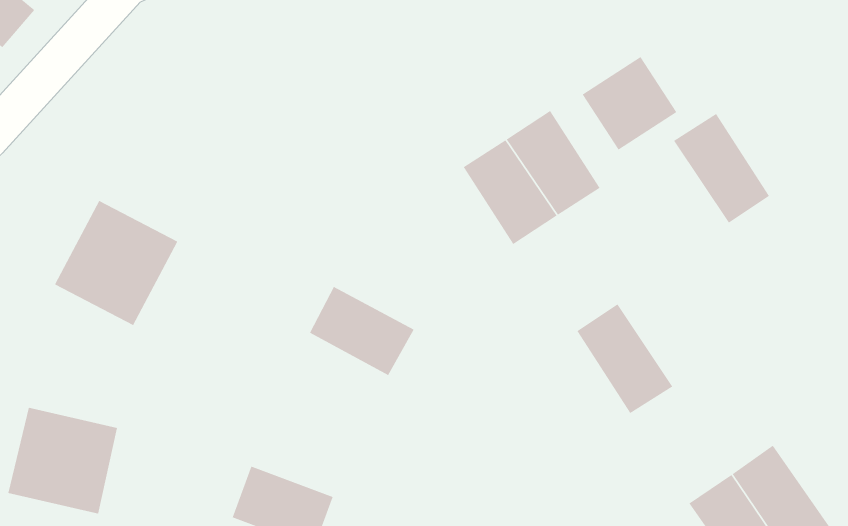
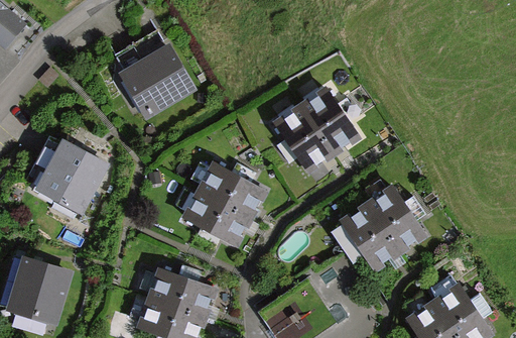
building: none -> [115,38,195,116]
building: [582,56,677,150] -> none
building: [673,113,770,224] -> [366,187,422,251]
building: none -> [200,165,262,218]
building: none -> [151,269,211,316]

